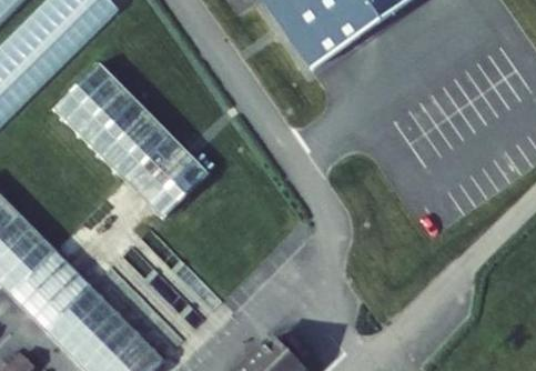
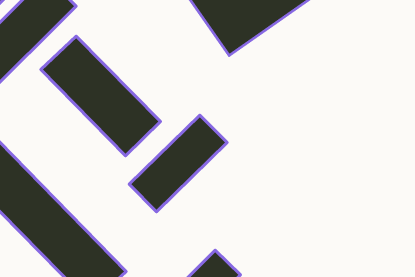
building: none -> [129,115,227,212]

